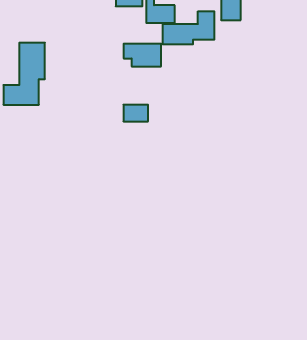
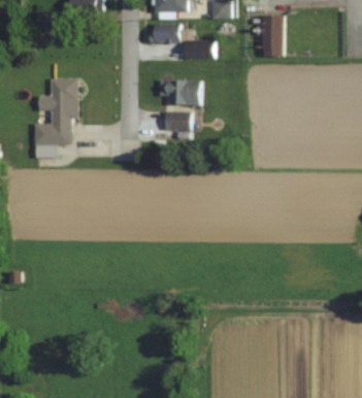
building: [163,11,214,44] -> none
building: [123,105,148,121] -> [165,112,191,130]

